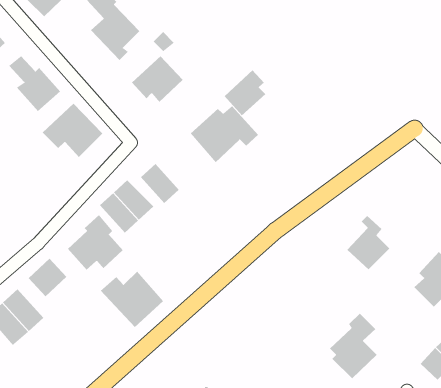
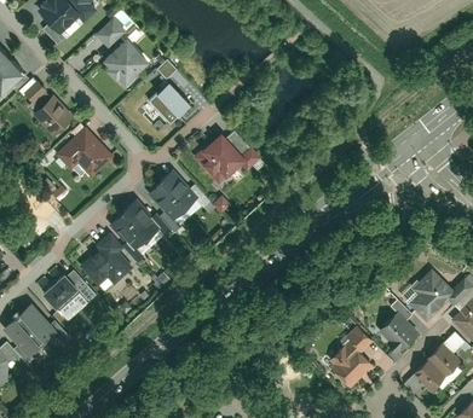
building: [224,69,266,116] -> none
building: none -> [163,172,201,210]
building: [347,215,390,270] -> [377,301,419,353]
building: [100,271,164,328] -> none

